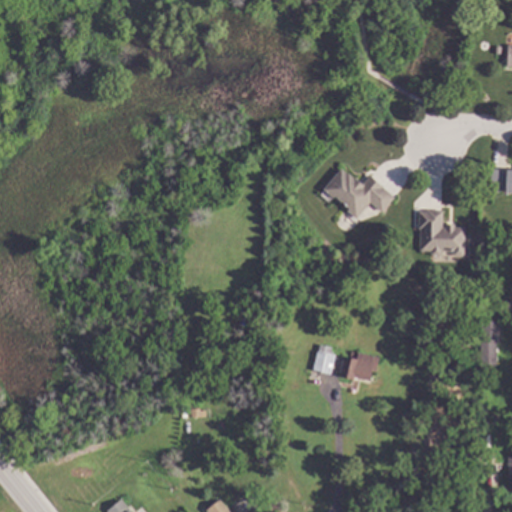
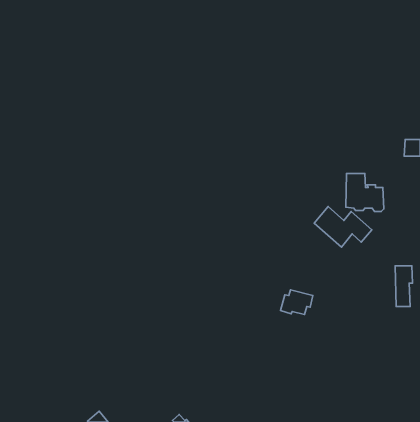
building: [324,169,394,218] -> [314,207,372,247]
building: [313,351,335,374] -> none

